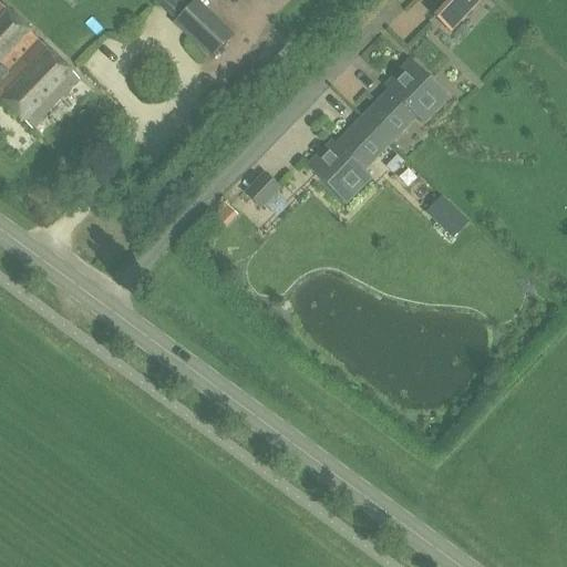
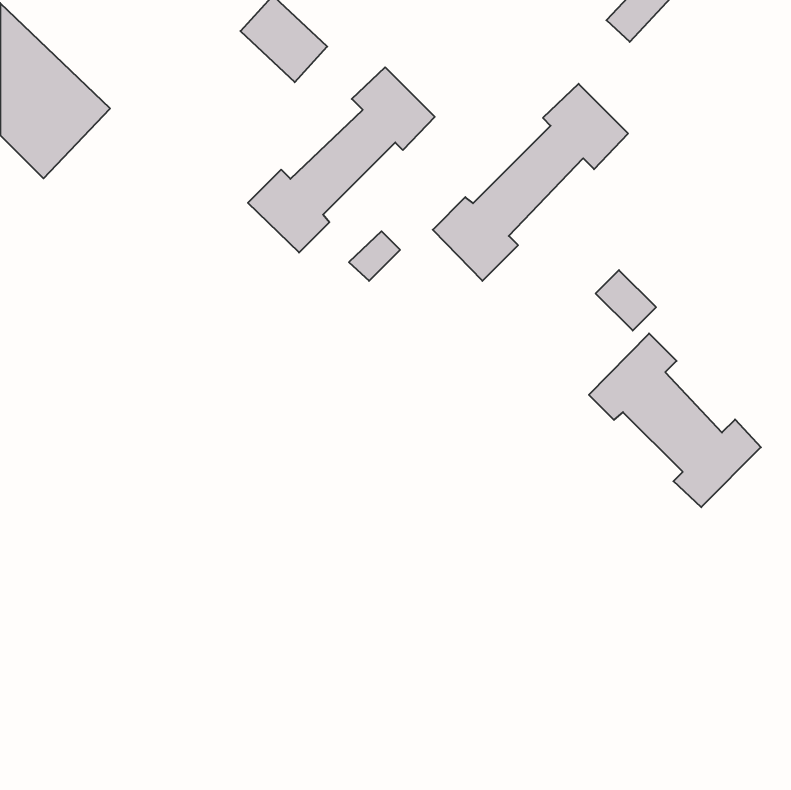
building: none -> [248,67,435,253]
building: none -> [589,333,761,507]

